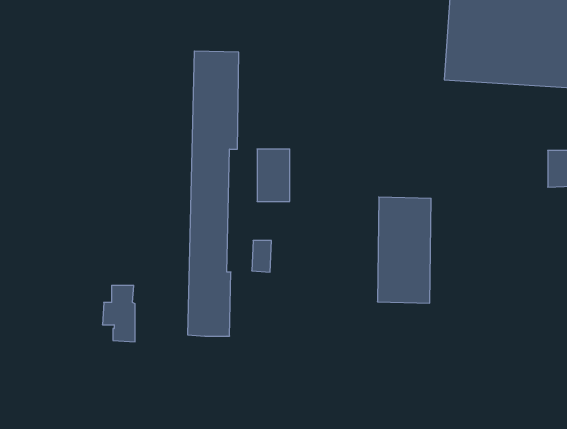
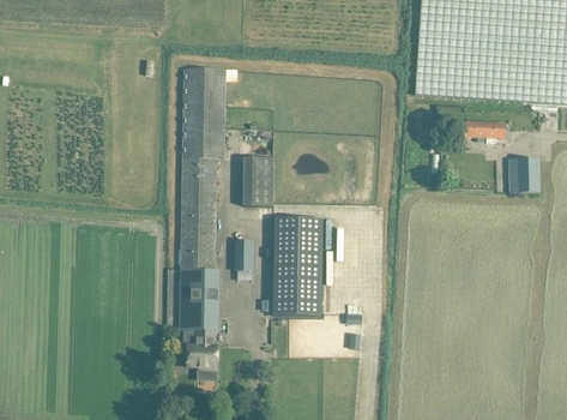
building: none -> [466,120,506,142]
building: [377,197,431,303] -> [273,217,322,314]
building: [102,285,135,342] -> [187,329,217,380]

